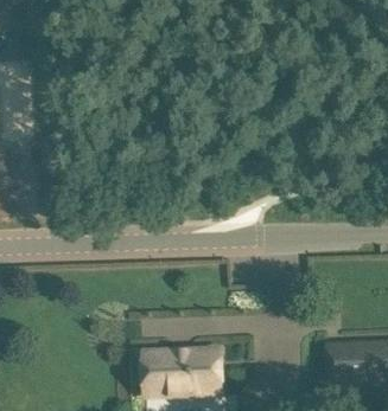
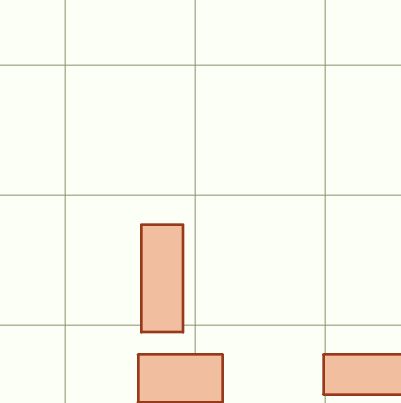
building: none -> [141,225,183,332]

